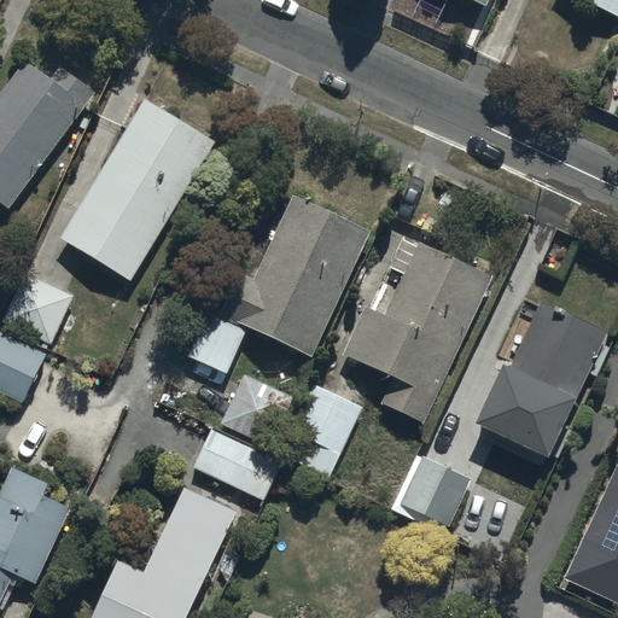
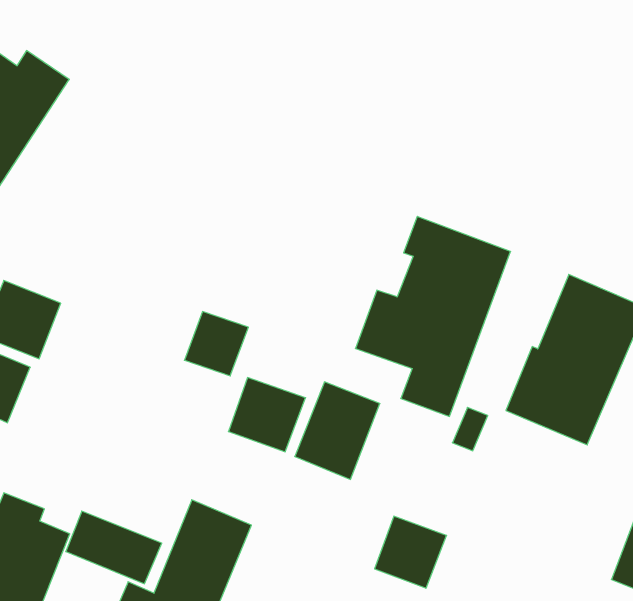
building: [60,100,214,280] -> none
building: [220,194,371,355] -> none
building: [191,427,279,497] -> [66,511,162,584]
building: [401,457,468,525] -> [375,516,447,588]

